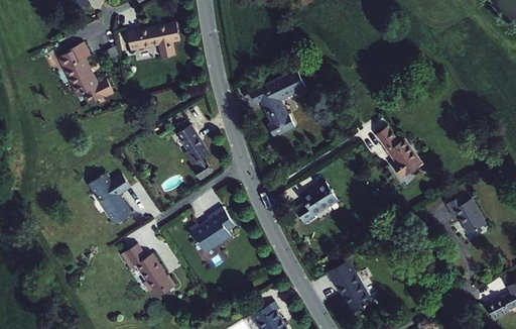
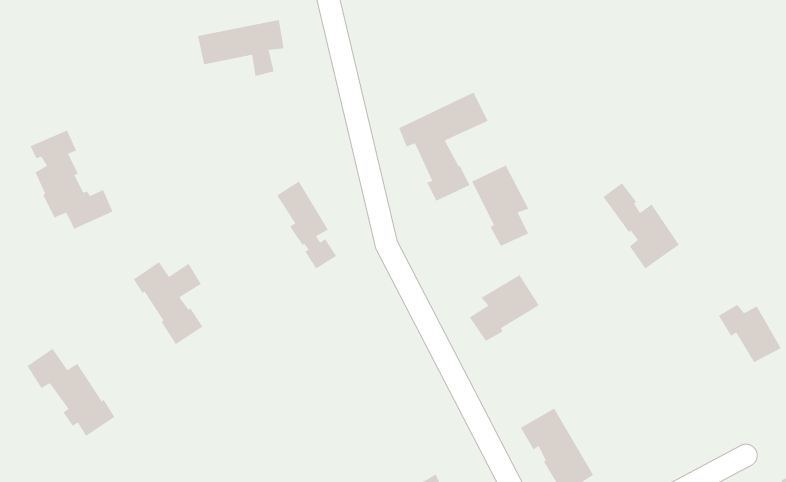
building: [62,44,114,106] -> [29,129,113,230]
building: none -> [471,164,529,247]
building: [189,206,236,252] -> none
building: [121,242,175,297] -> [26,348,115,437]

